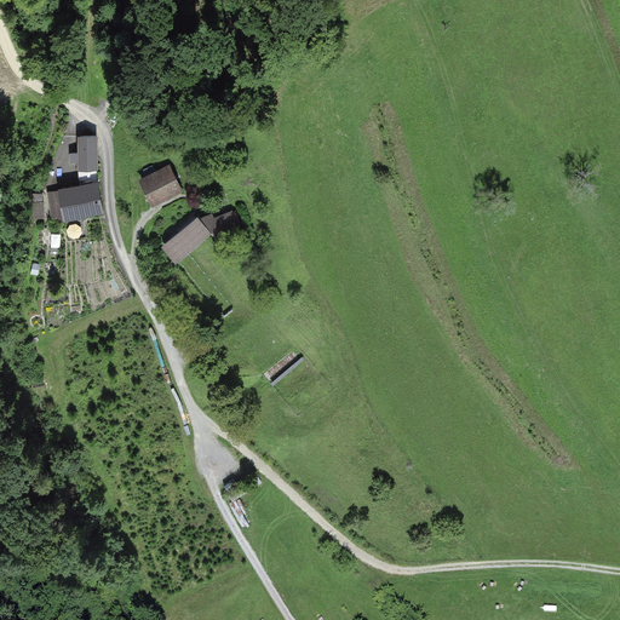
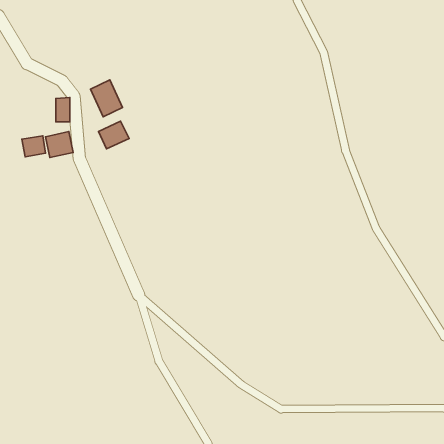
building: none -> [90,80,122,117]
building: [161,211,216,263] -> none

